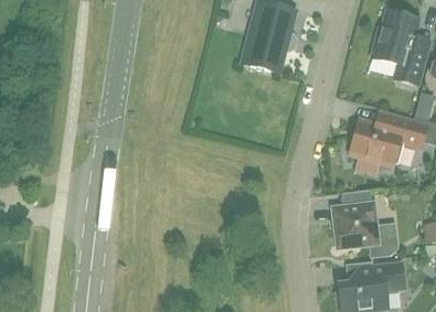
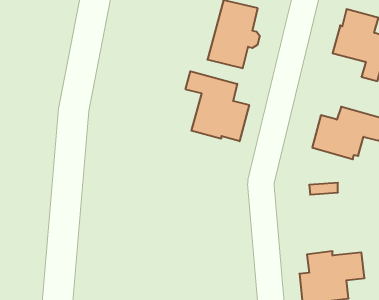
building: none -> [186,71,249,141]
building: [332,202,396,255] -> none

